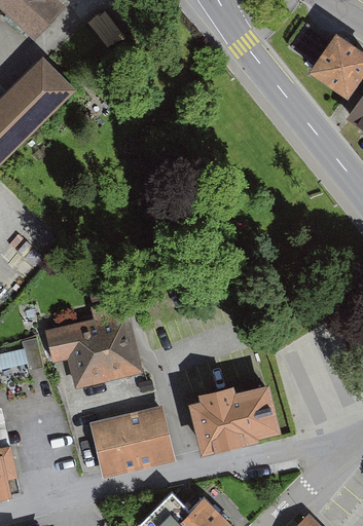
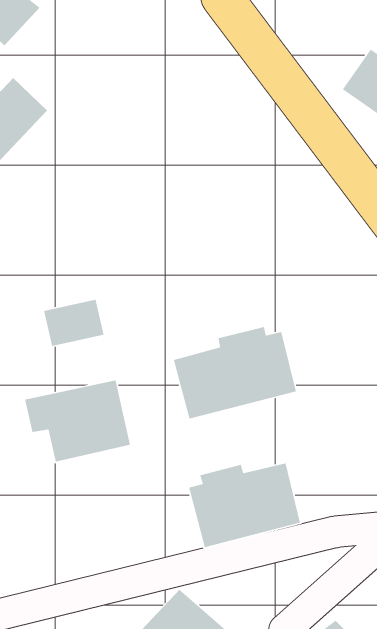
building: none -> [43,299,104,347]
building: none -> [173,326,297,420]
building: [95,407,173,473] -> none

